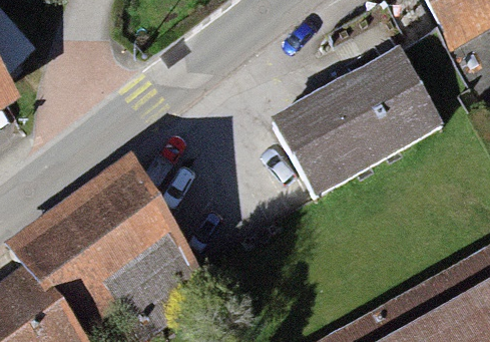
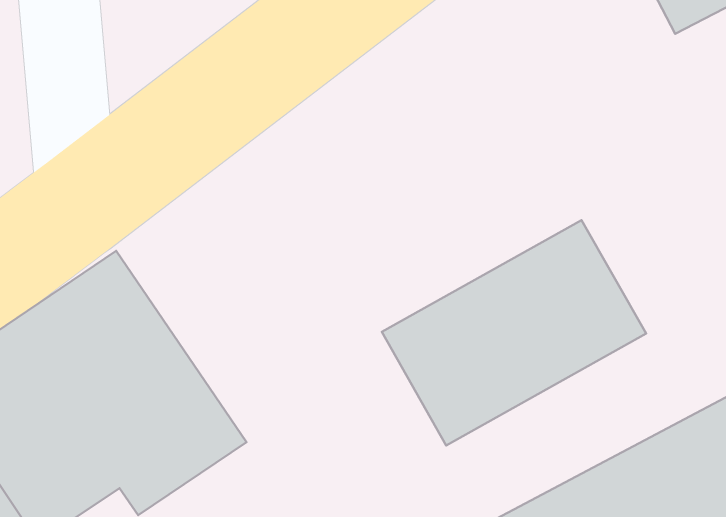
building: [277,56,433,190] -> [382,220,646,445]

